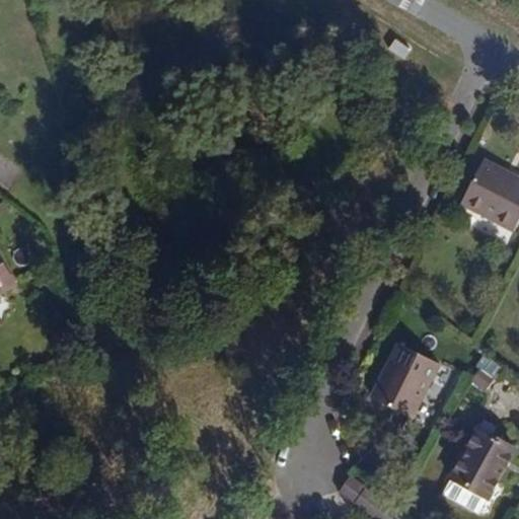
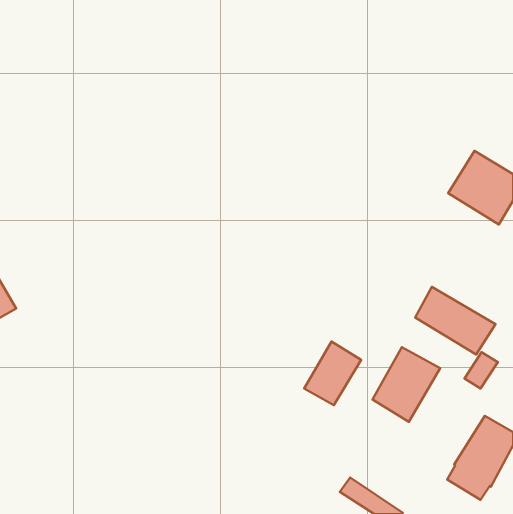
building: none -> [415,287,496,355]
building: none -> [304,341,361,405]

